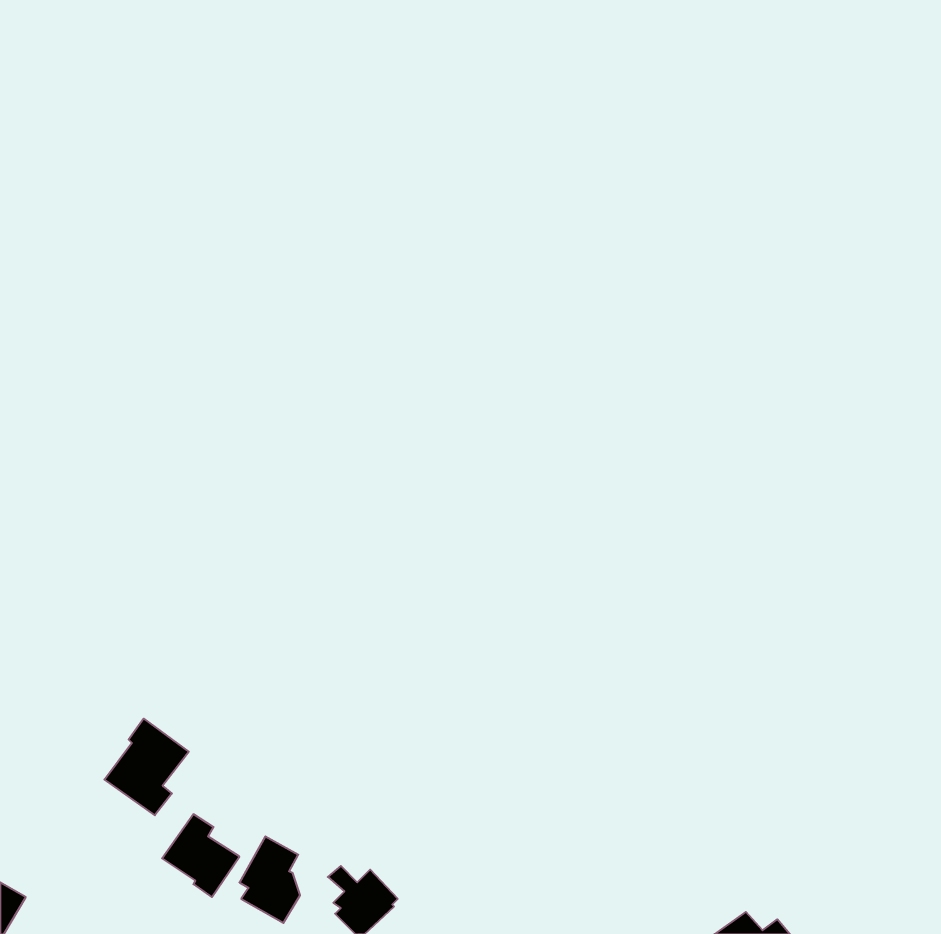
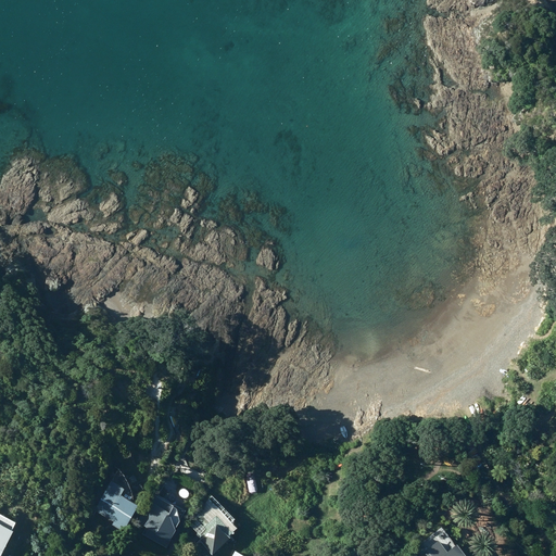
building: [104,719,189,815] -> none

